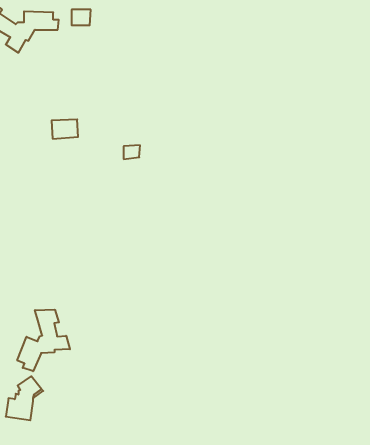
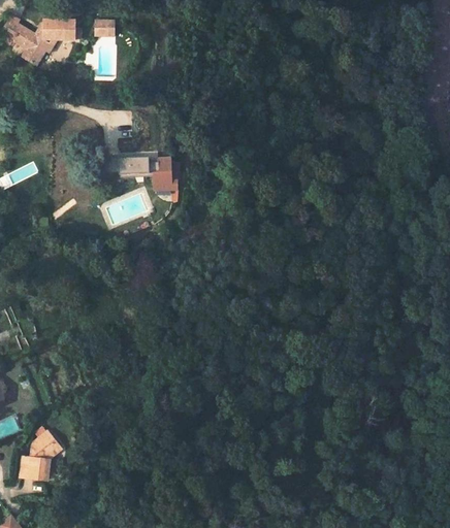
building: [52,119,78,139] -> [119,155,149,176]
building: [17,310,70,371] -> none

